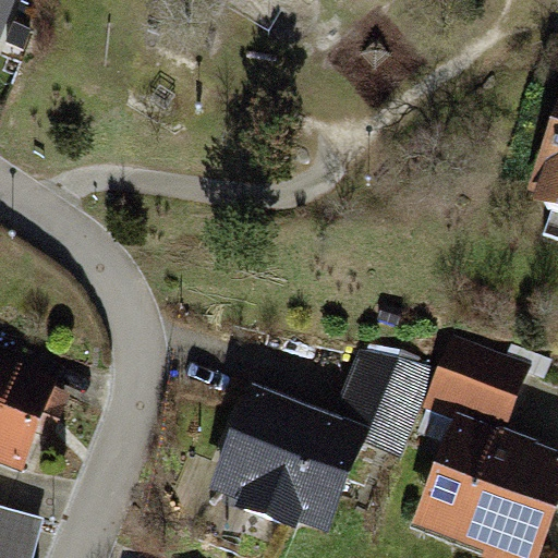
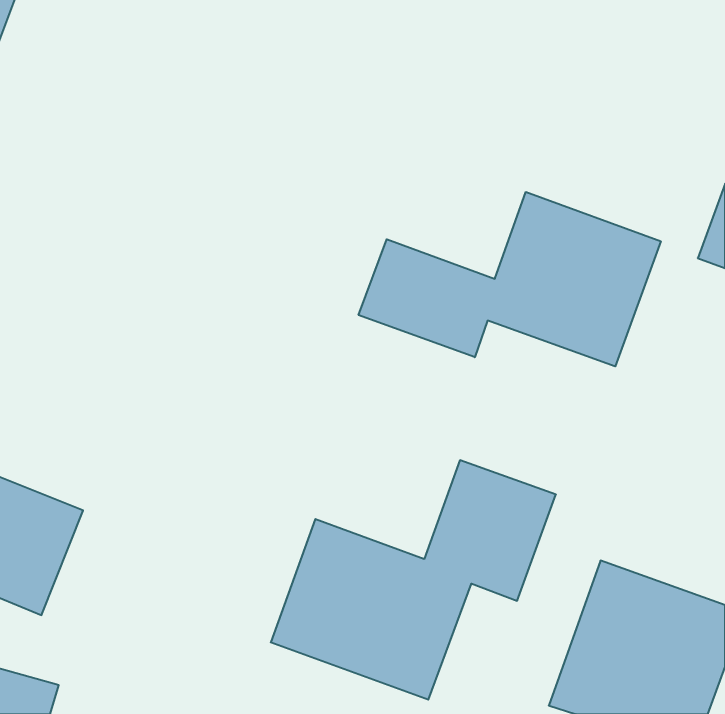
building: none -> [359,192,661,366]
building: [434,343,523,428] -> none

